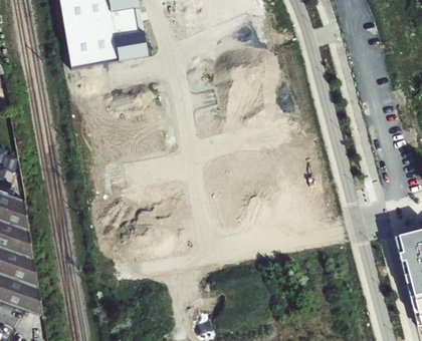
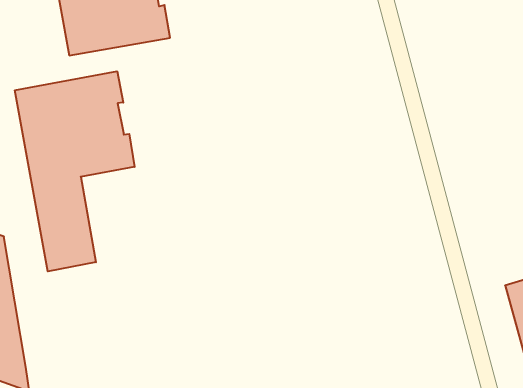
building: none -> [15,71,135,271]

